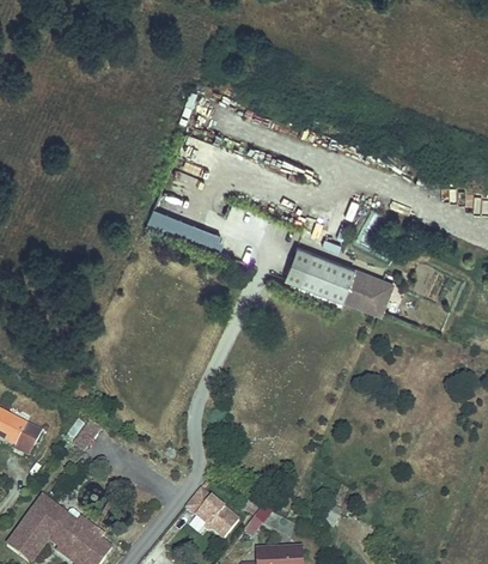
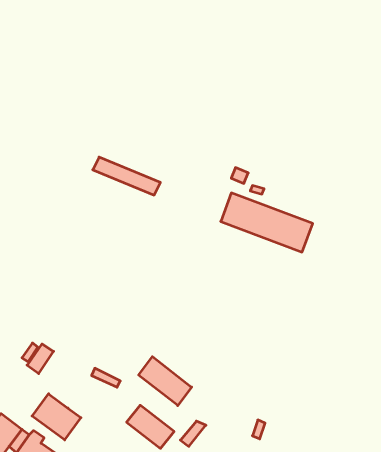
building: none -> [139,357,192,406]
building: none -> [32,394,81,440]

